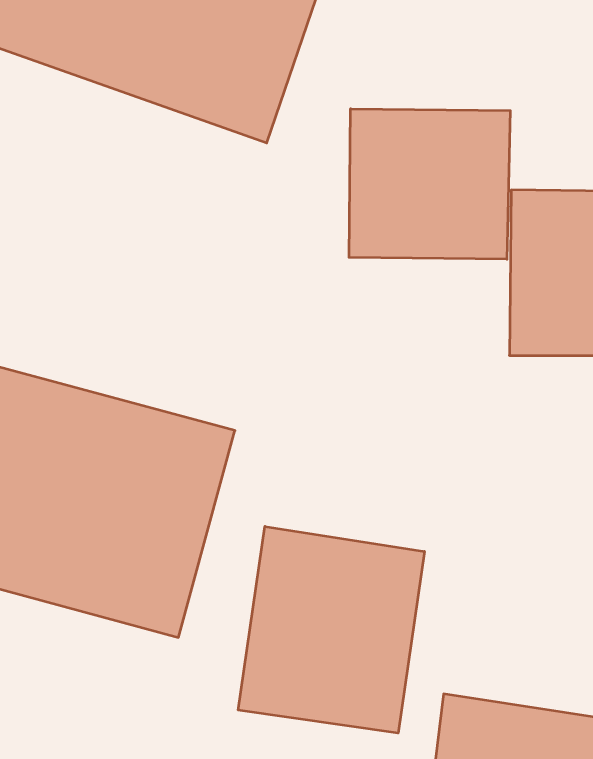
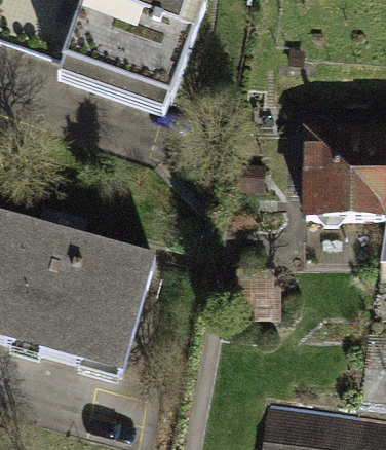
building: [349,109,510,259] -> none
building: [238,526,424,733] -> none

